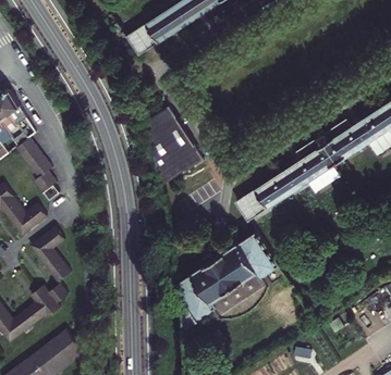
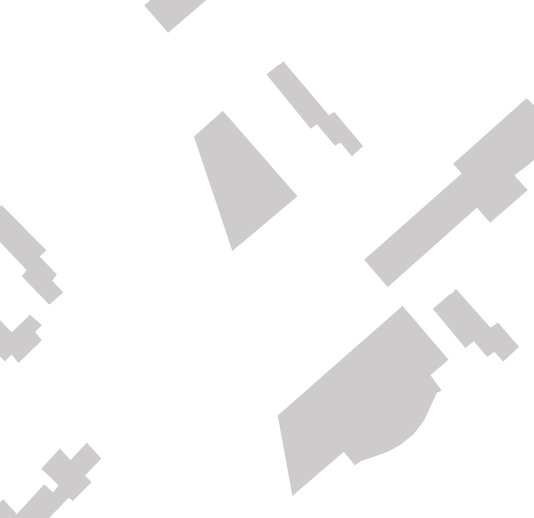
building: none -> [266,60,364,157]
building: none -> [432,288,520,362]
building: [34,227,71,278] -> none

